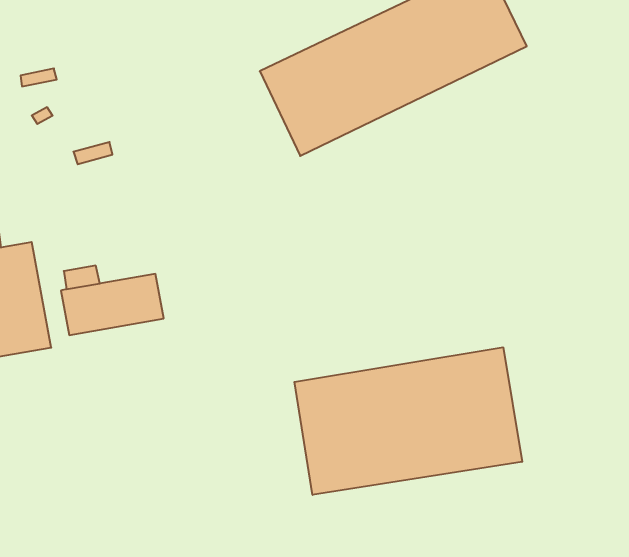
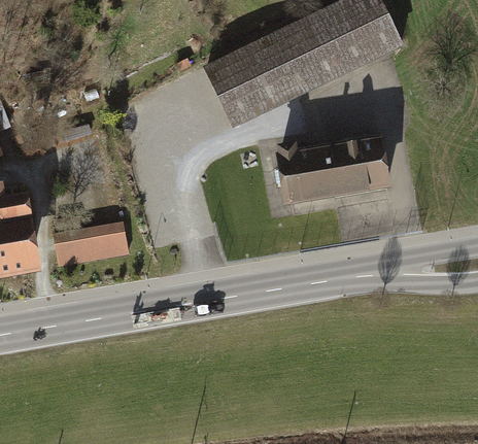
building: none -> [275,136,388,205]
building: [294,347,522,495] -> none

